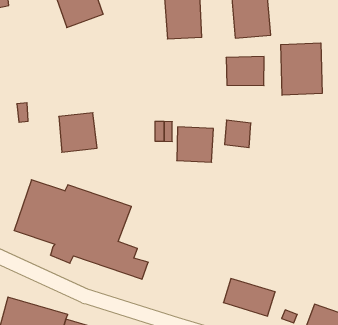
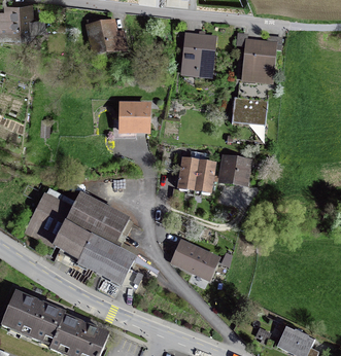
building: [281,43,322,95] -> none
building: [59,113,97,152] -> [117,103,149,135]
building: [223,279,275,316] -> [171,240,218,277]

